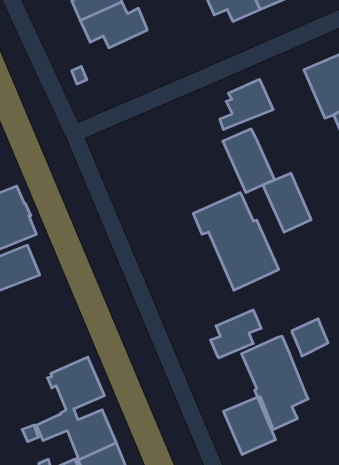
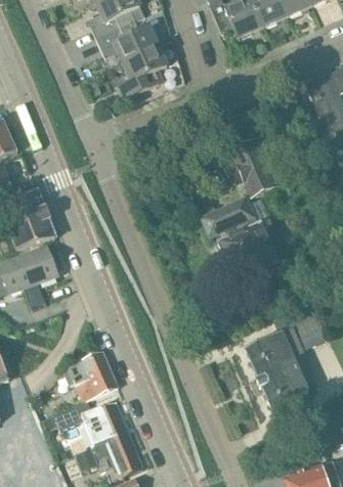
building: none -> [111,45,167,98]
building: [220,79,273,130] -> none
building: [263,173,311,232] -> none
building: [210,310,261,358] -> none
building: [224,397,275,455] -> none

